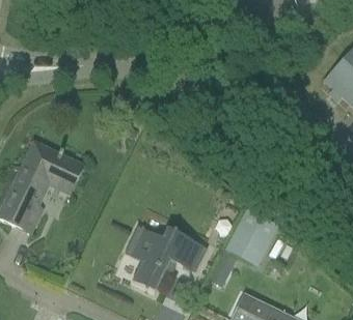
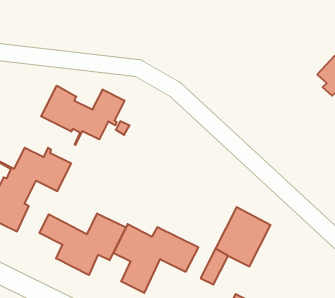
building: none -> [41,86,124,145]
building: none -> [40,213,126,275]

